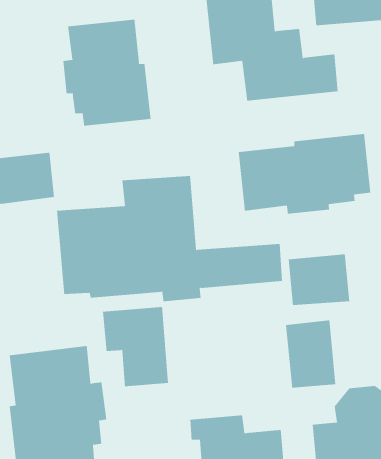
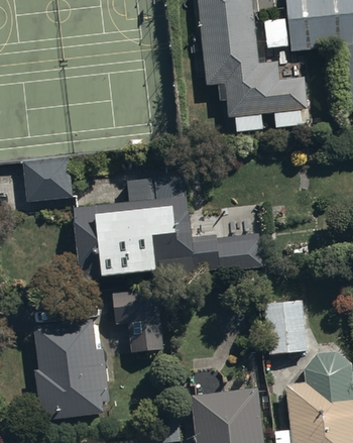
building: [63,19,151,127] -> none
building: [238,133,371,215] -> none
building: [288,254,350,306] -> none

